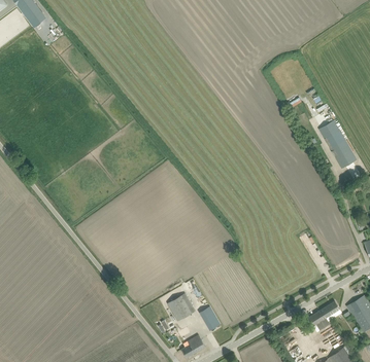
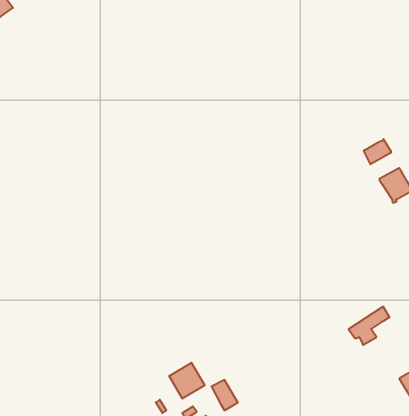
building: [308,300,340,330] -> [349,307,390,345]

